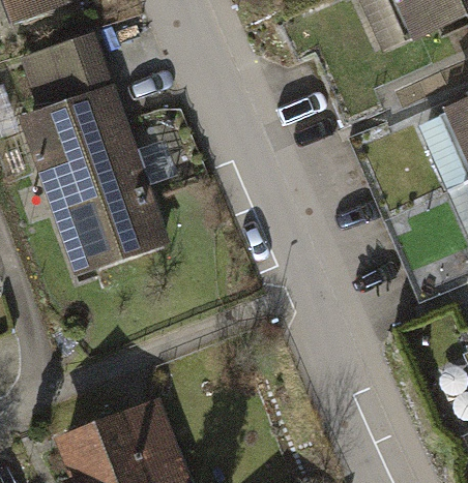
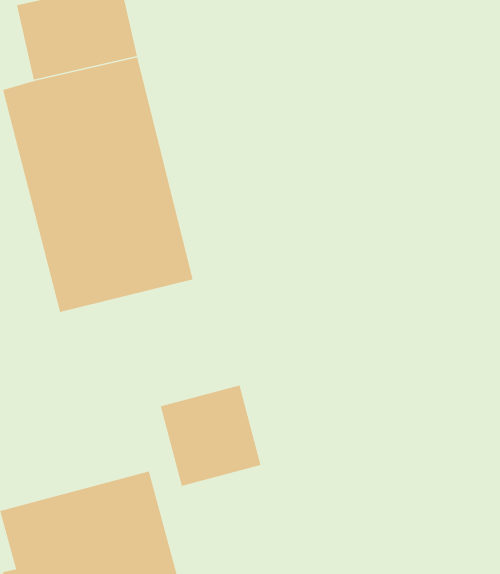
building: none -> [160,385,261,487]

